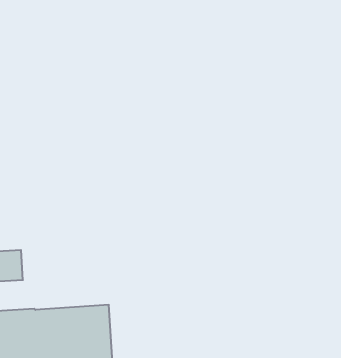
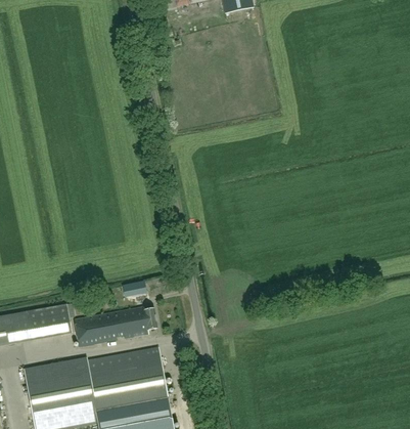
building: none -> [75,305,158,345]

